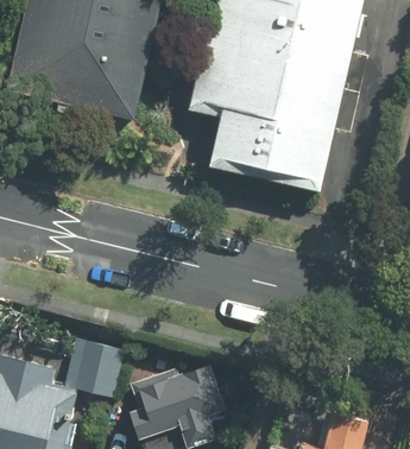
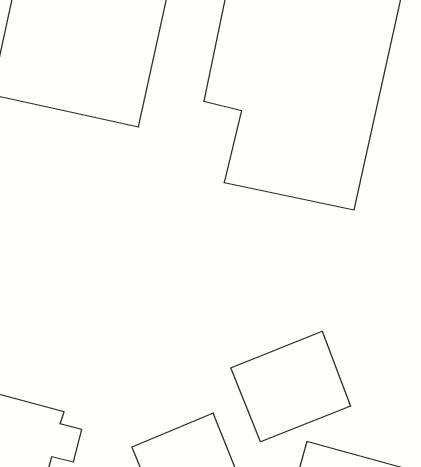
building: none -> [231,331,351,442]
building: [80,333,131,401] -> none

